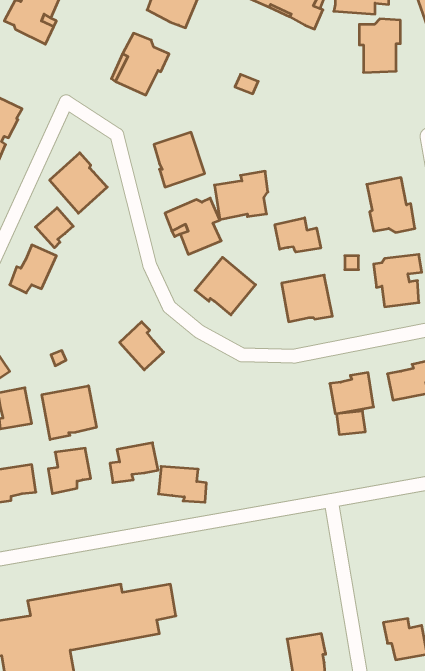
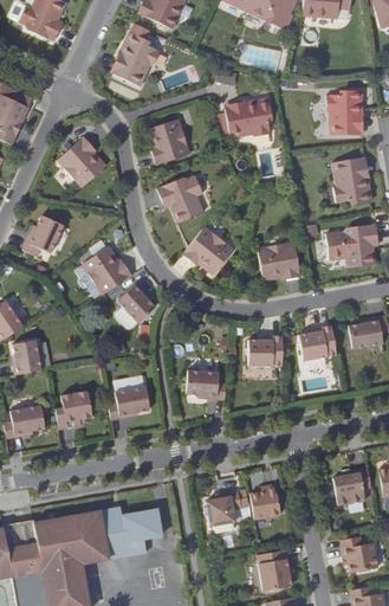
building: [359,19,400,72] -> [325,89,361,135]
building: [214,171,268,219] -> [225,97,271,138]
building: [35,208,73,248] -> none
building: [275,218,321,252] -> none
building: none -> [80,243,131,292]
building: none -> [248,335,281,366]
building: [42,386,96,440] -> none
building: [158,466,206,502] -> [184,368,226,399]
building: none -> [337,466,375,504]
building: none -> [254,483,285,518]
building: none -> [210,490,245,533]

